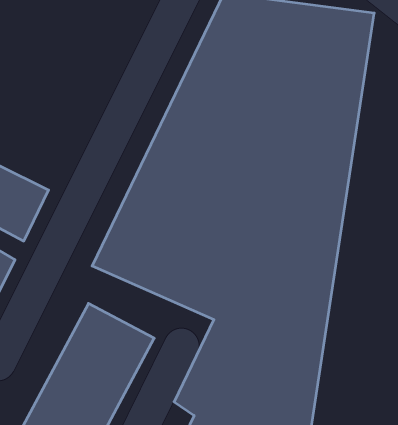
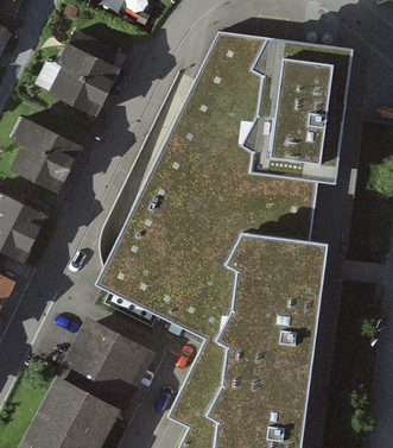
building: none -> [51,46,118,113]
building: none -> [8,124,81,194]

